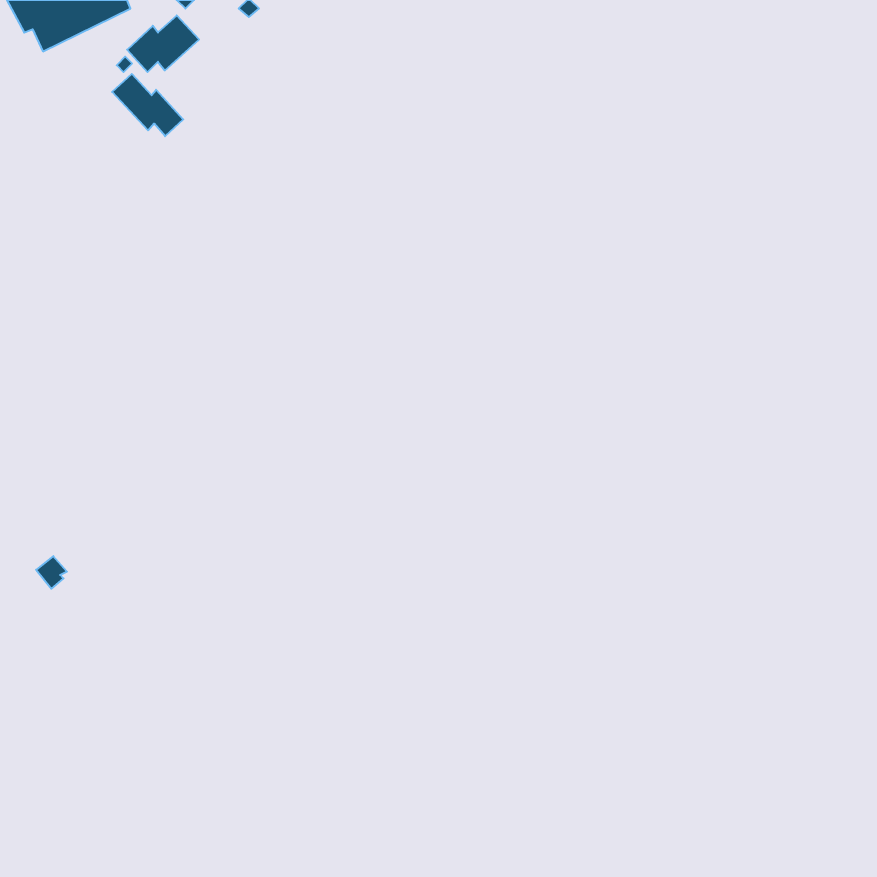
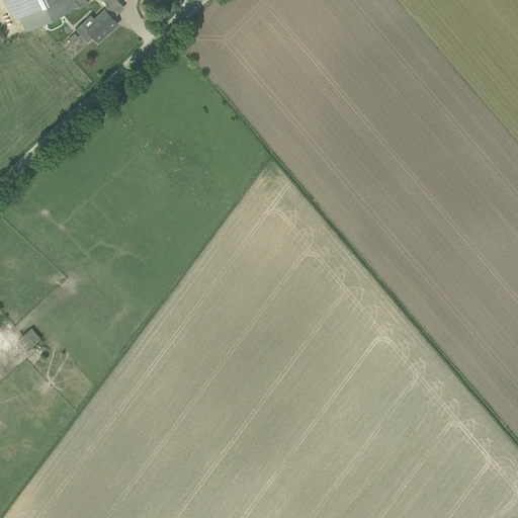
building: [112,74,183,136] -> none

